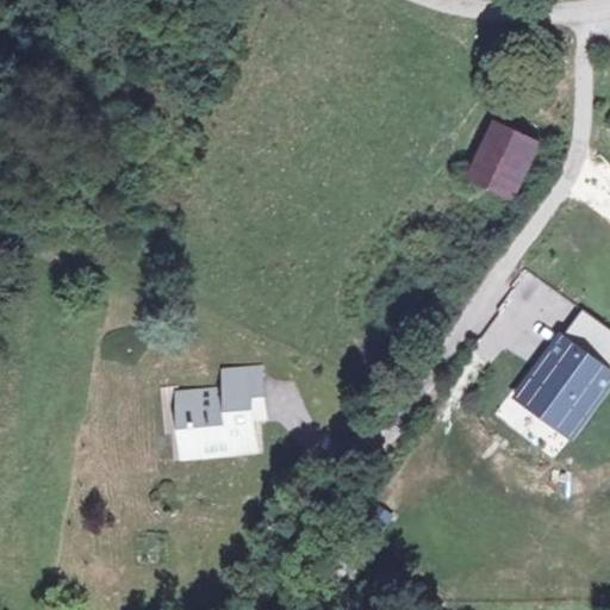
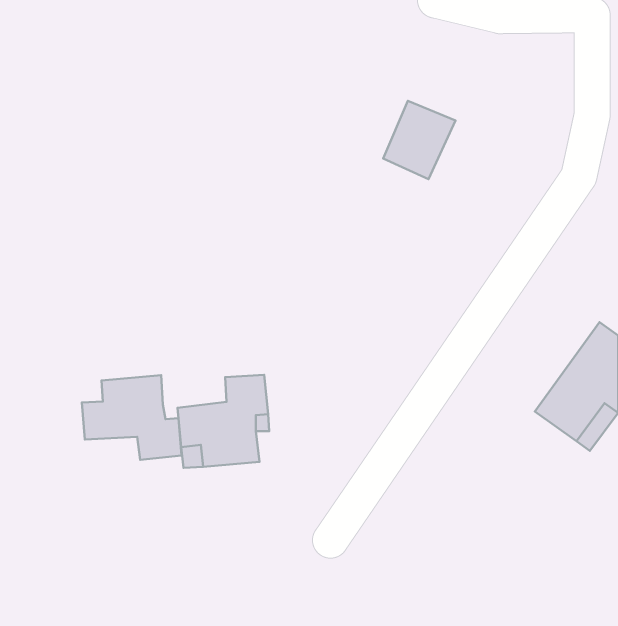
building: [466,124,536,200] -> [383,101,455,179]
building: none -> [82,375,181,460]

